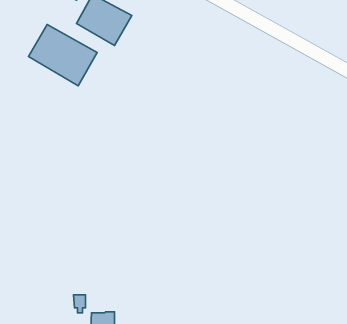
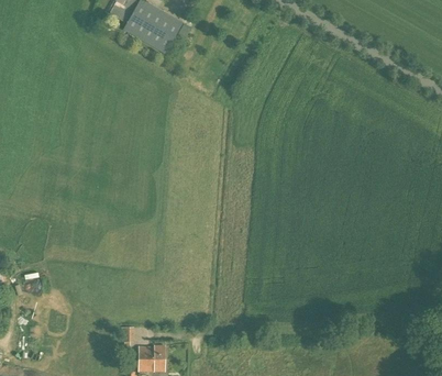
building: [29,25,97,86] -> none

